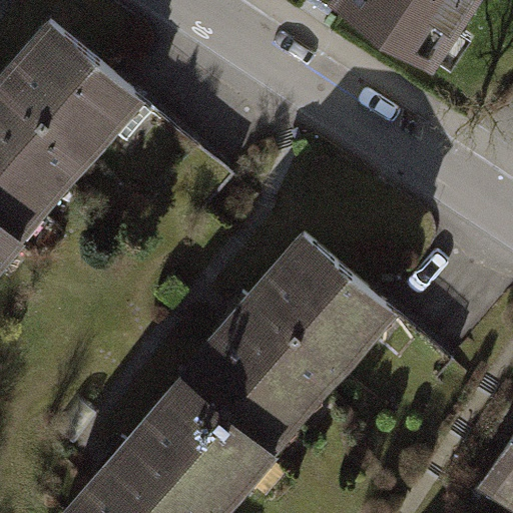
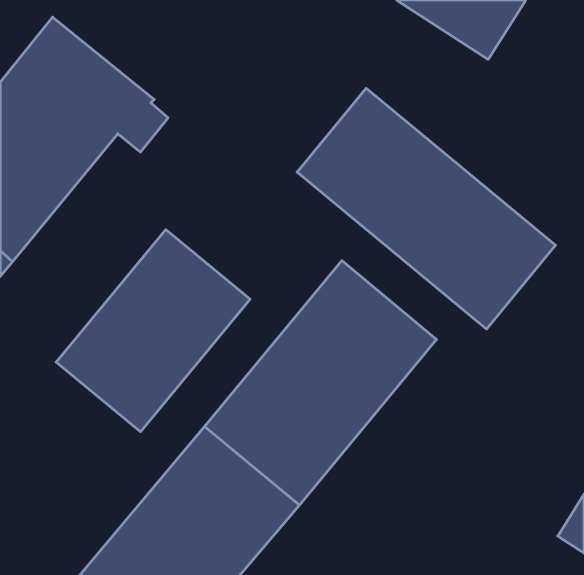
building: none -> [297,88,556,329]
building: none -> [56,230,250,432]

